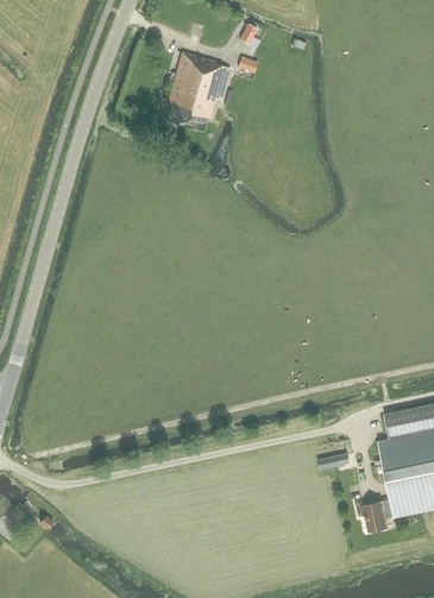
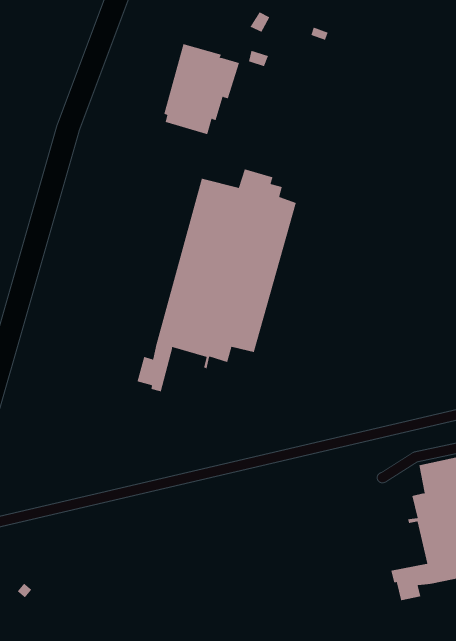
building: none -> [137,168,296,392]

